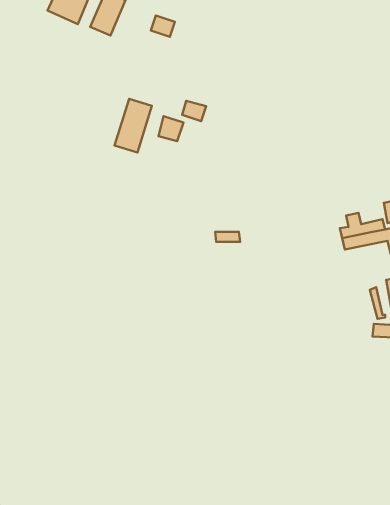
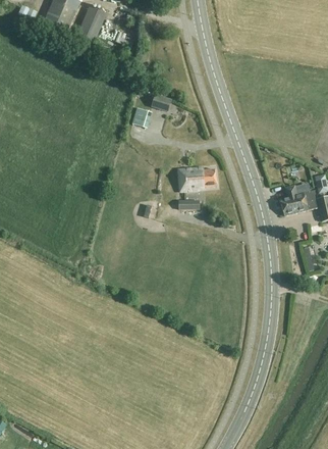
building: [115,99,152,152] -> none
building: none -> [177,166,214,191]

